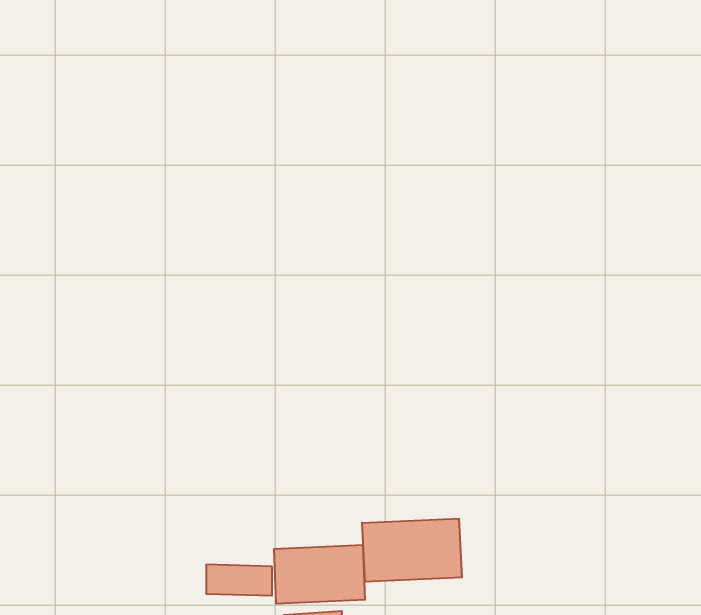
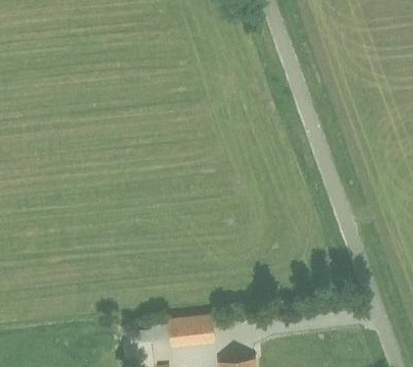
building: [362,519,462,582] -> none

